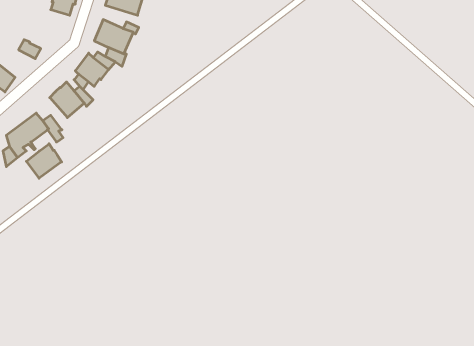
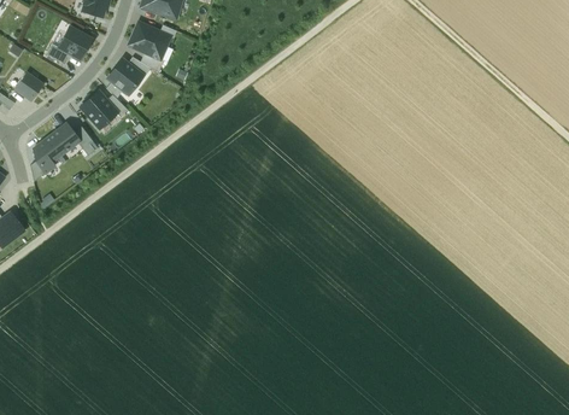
building: none -> [58,27,92,60]
building: [26,144,62,178] -> none

